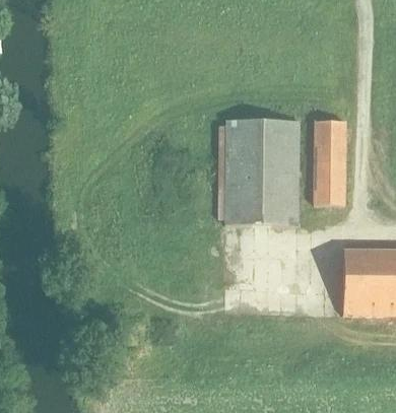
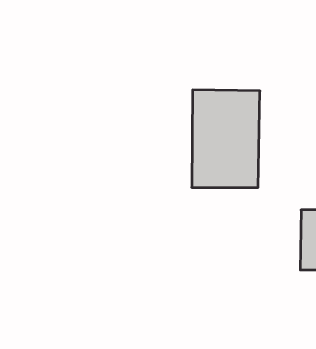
building: [314,121,344,204] -> none

